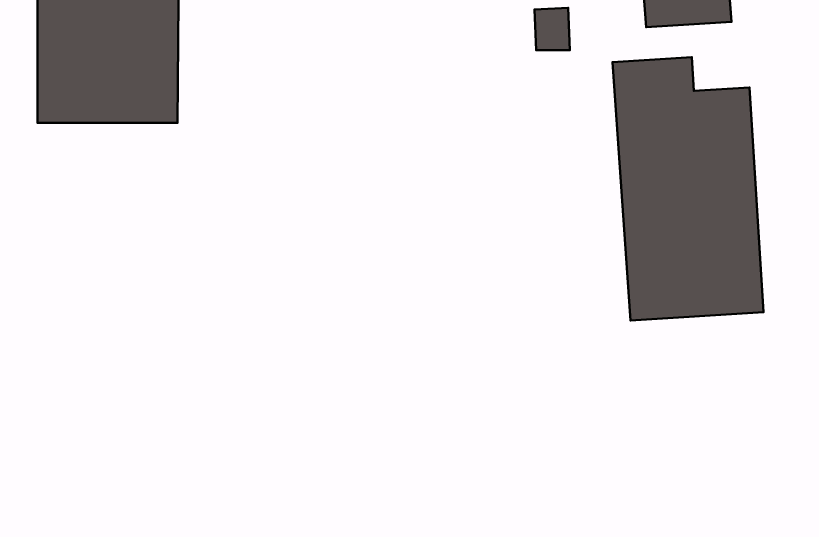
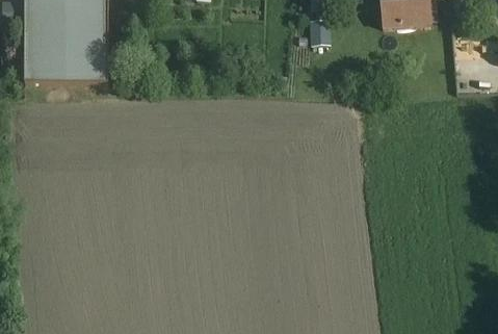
building: [612,57,764,321] -> none

